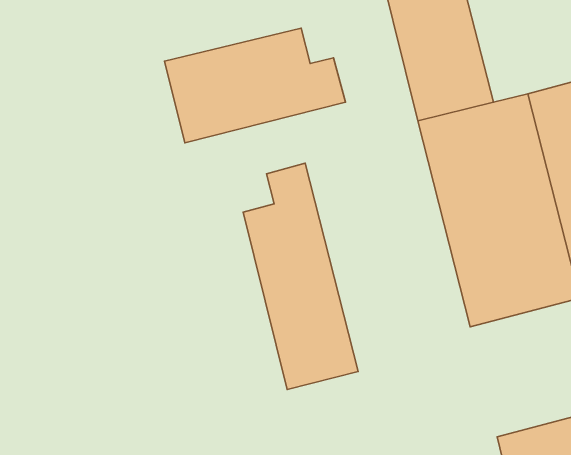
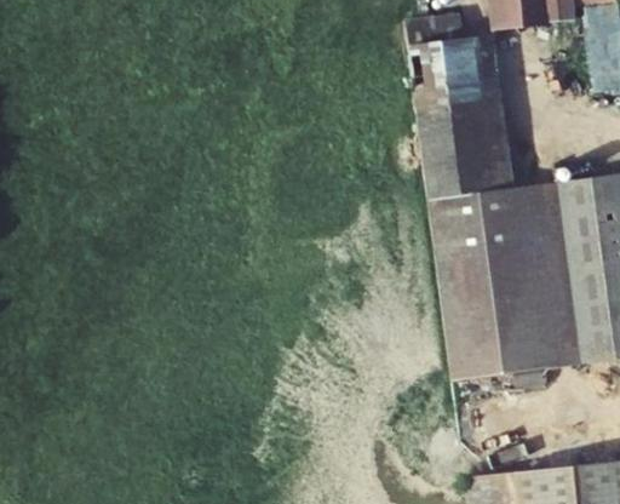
building: [164,28,345,143] -> none
building: [243,163,358,390] -> none

